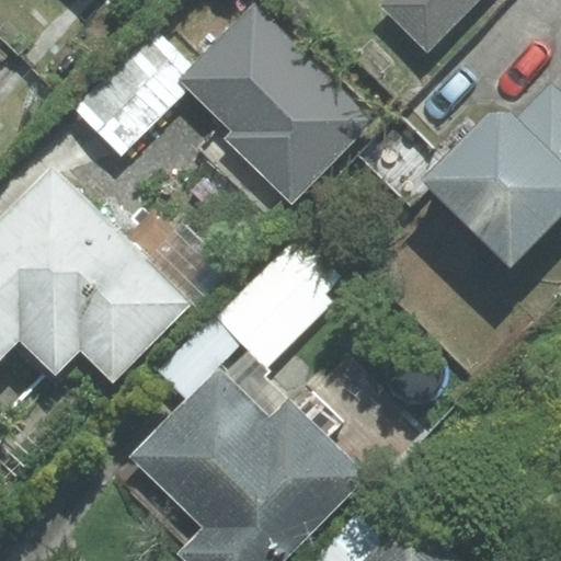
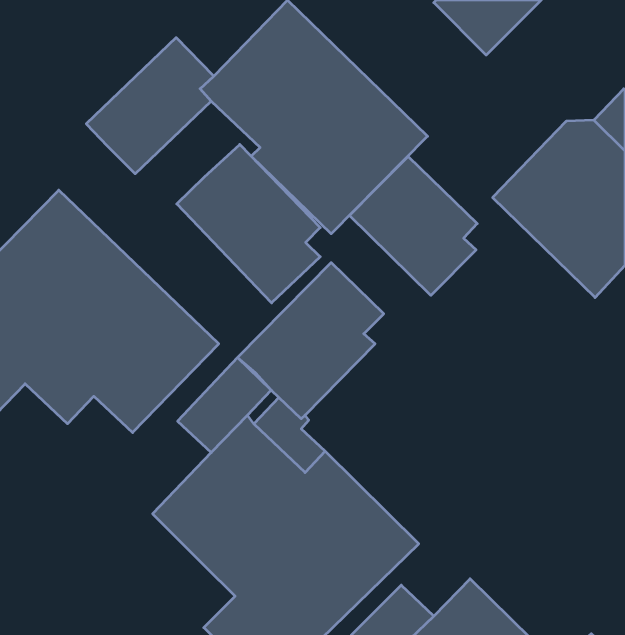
building: none -> [177,144,320,303]
building: none -> [350,157,477,295]

